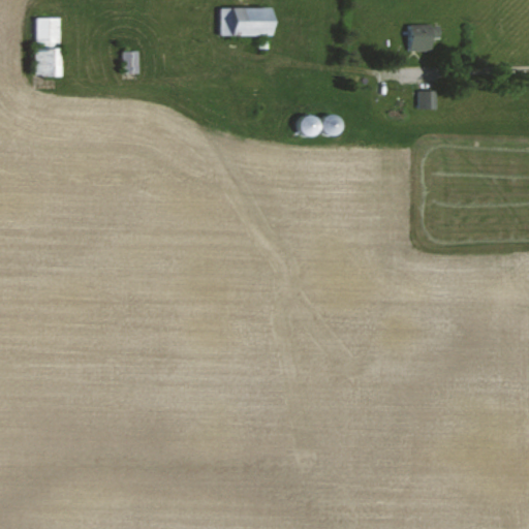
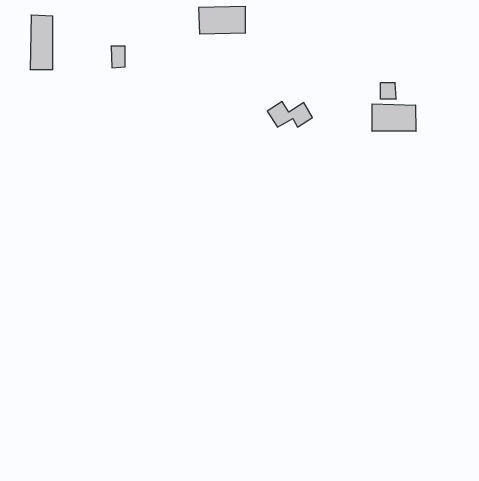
building: [409,24,440,51] -> none
building: none -> [372,104,416,131]

